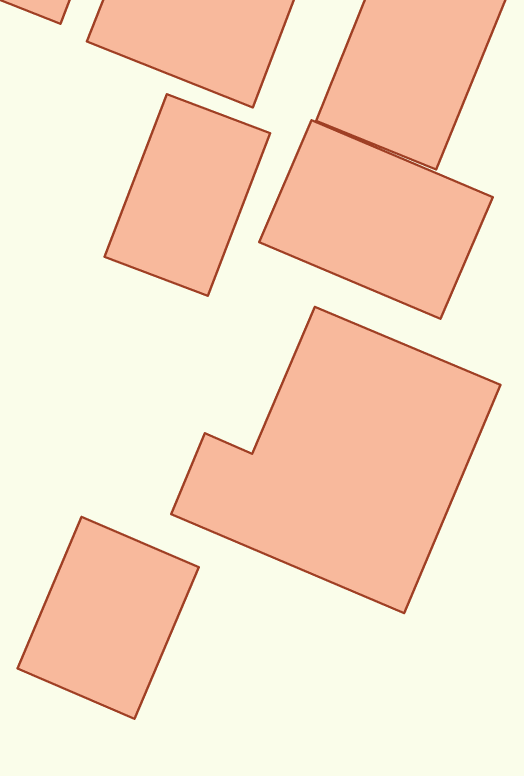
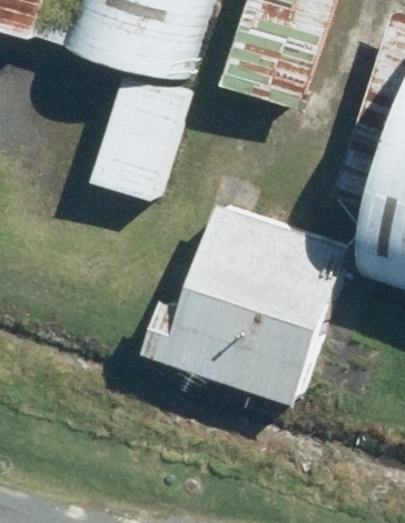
building: [259,120,493,319] -> none
building: [17,517,199,719] -> none

